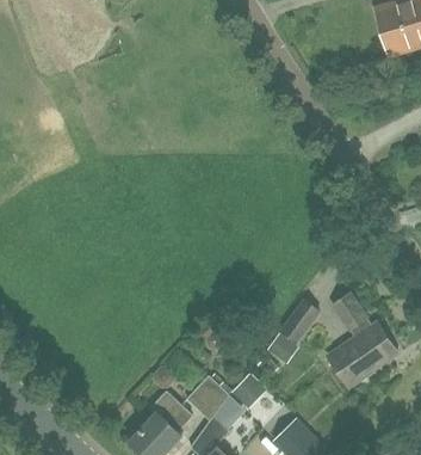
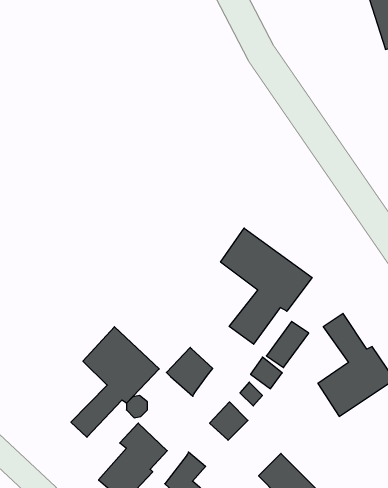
building: none -> [221,228,312,344]
building: none -> [71,327,159,437]
building: [186,377,228,422] -> [166,347,213,396]

